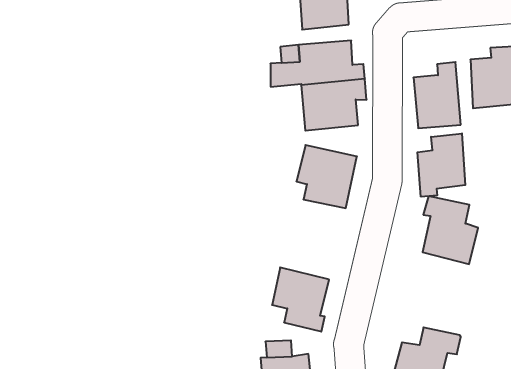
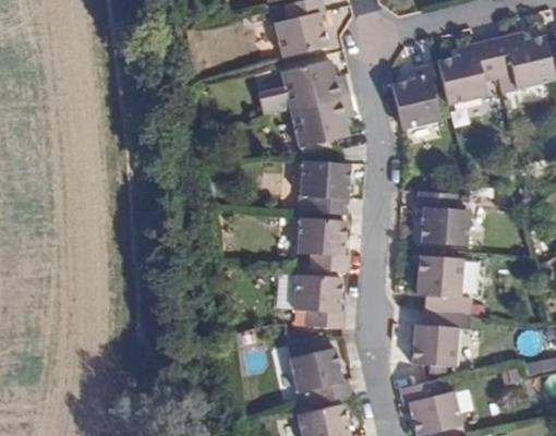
building: [417,133,465,197] -> none
building: none -> [297,218,347,270]
building: none -> [419,257,469,313]

